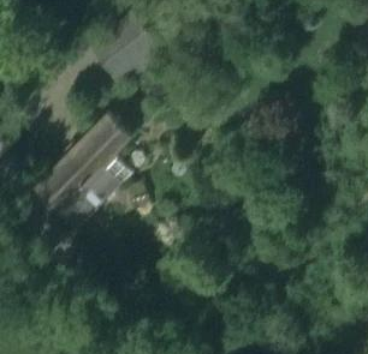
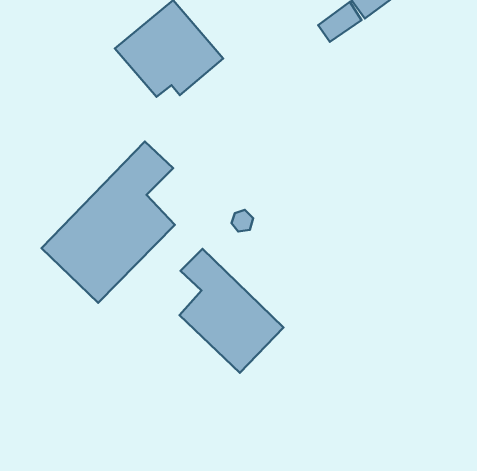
building: none -> [180,249,284,373]

